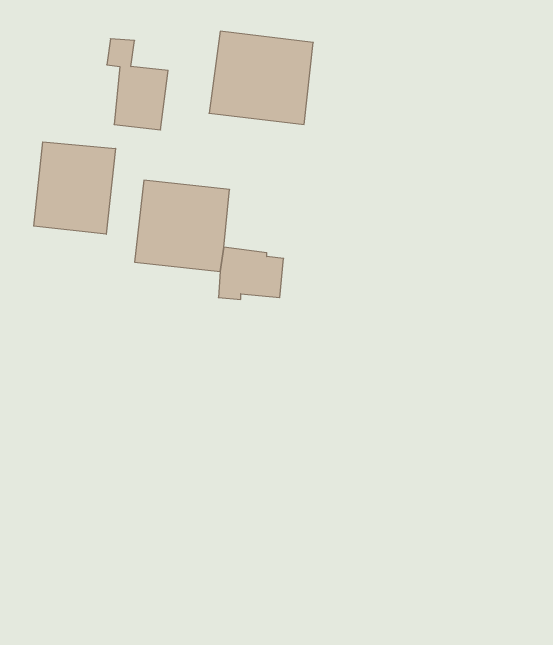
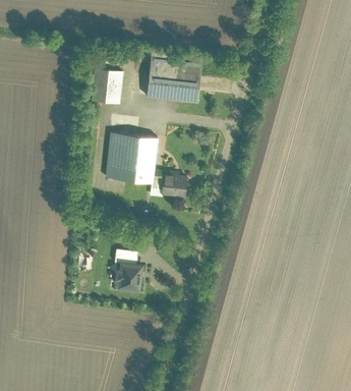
building: [34,142,116,234] -> none
building: none -> [114,249,142,292]

